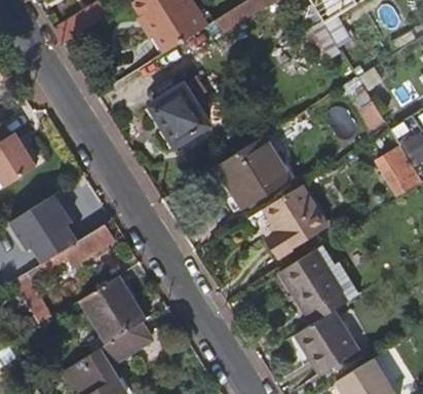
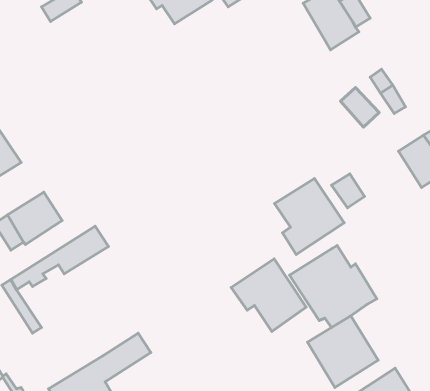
building: [151,87,208,146] -> none
building: [215,136,289,206] -> none
building: none -> [231,259,306,332]
building: [83,279,147,346] -> none

